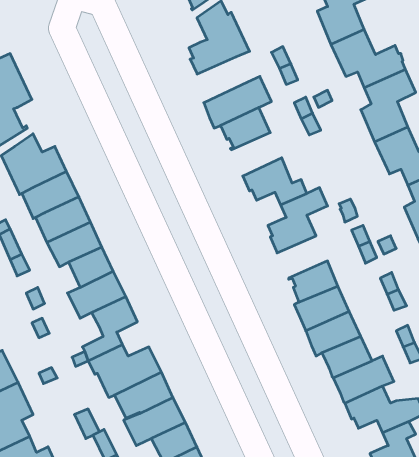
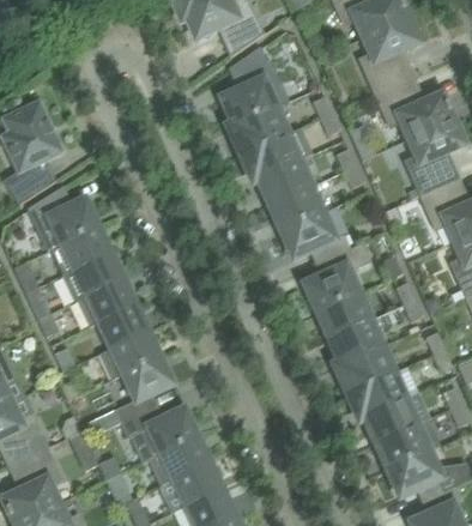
building: none -> [228,105,286,153]
building: none -> [270,185,322,230]
building: none -> [317,292,370,337]

